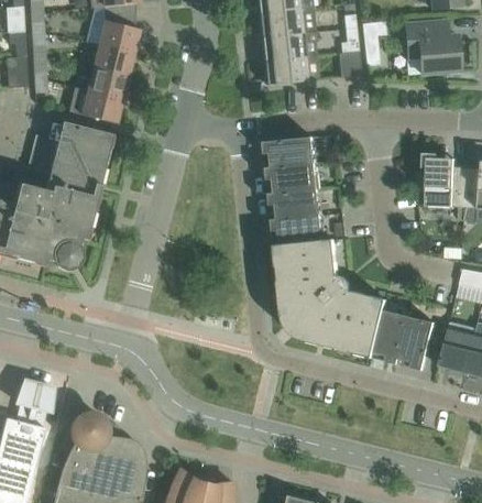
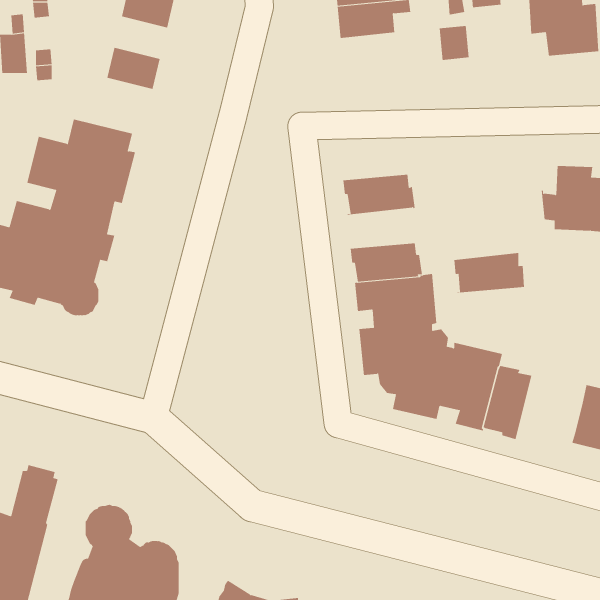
building: [92,44,133,76] -> none
building: [263,55,318,85] -> none
building: [80,90,122,123] -> none
building: [263,136,317,167] -> none
building: [269,188,322,219] -> [453,252,525,293]
building: [396,313,446,370] -> none

